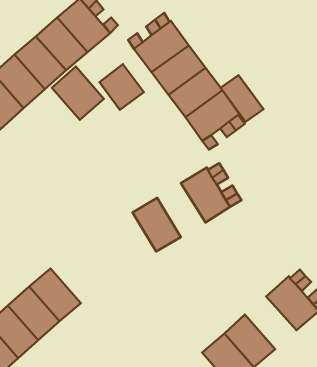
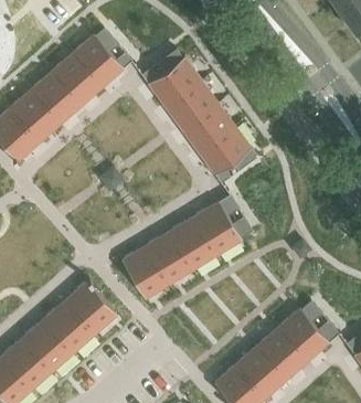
building: [100,64,144,110] -> none
building: [52,67,104,120] -> none
building: [221,75,264,122] -> none
building: none -> [170,216,217,269]
building: none -> [121,245,169,299]
building: none -> [65,279,117,335]
building: none -> [256,328,307,380]

